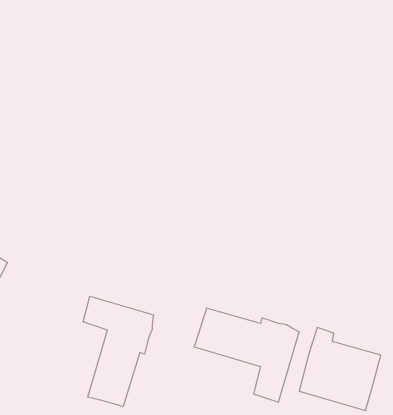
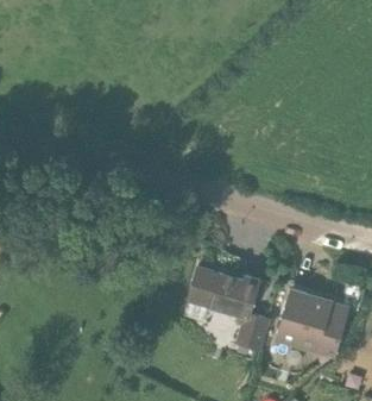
building: [83,296,154,406] -> none

